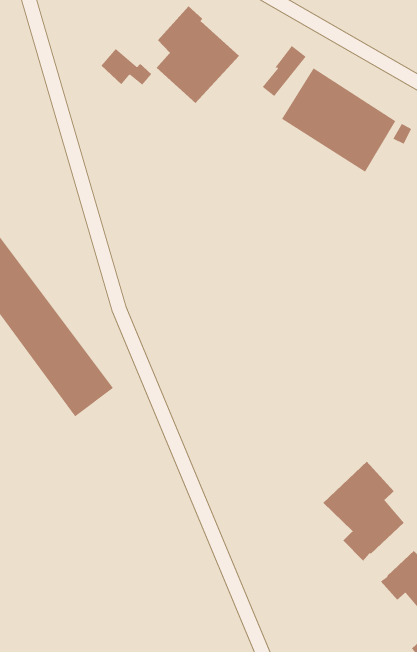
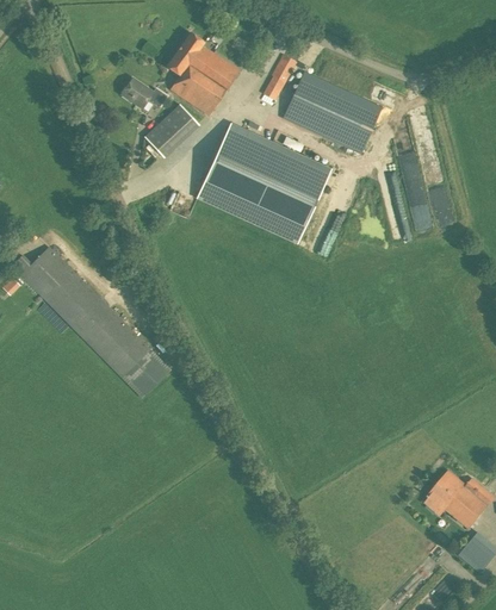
building: none -> [144,104,199,157]
building: none -> [199,125,329,241]
building: [322,461,404,561] -> none

